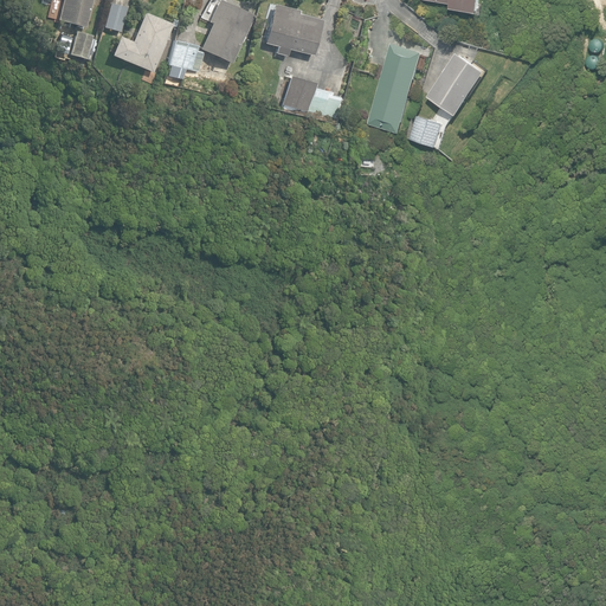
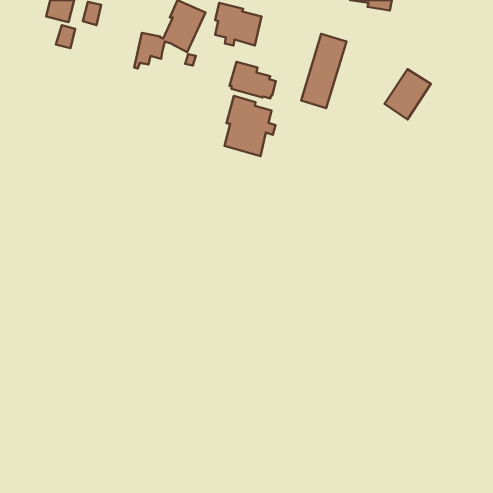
building: [111,13,172,72] -> none
building: [430,53,486,115] -> [384,69,431,119]
building: [411,115,444,147] -> none
building: none -> [224,96,276,156]

